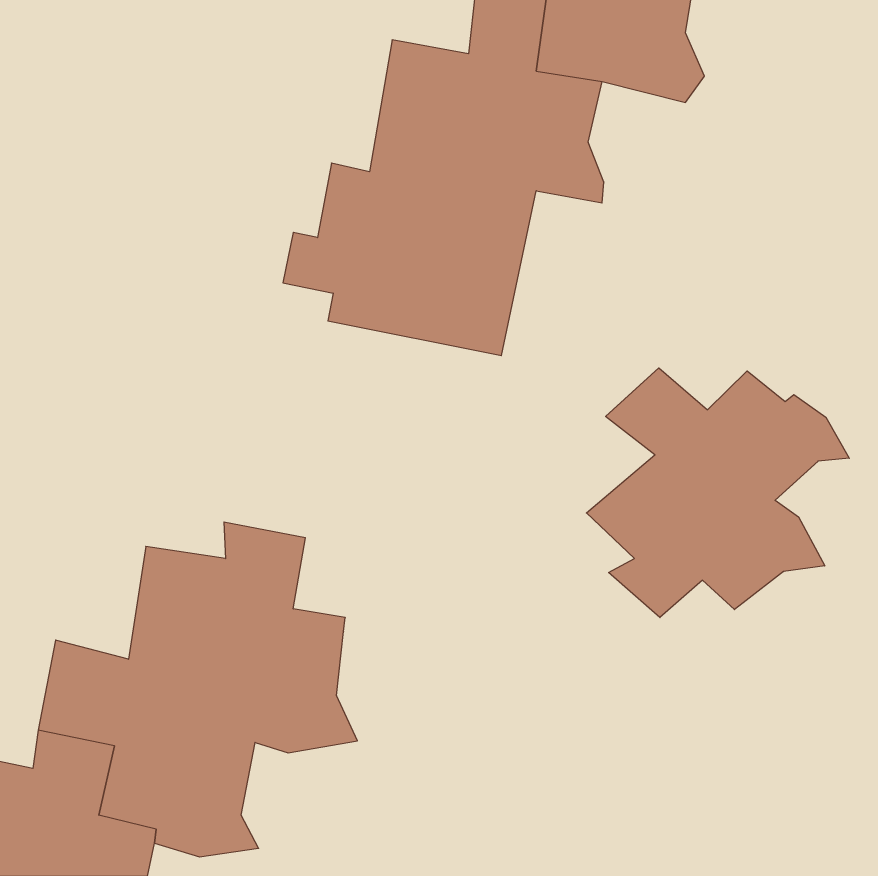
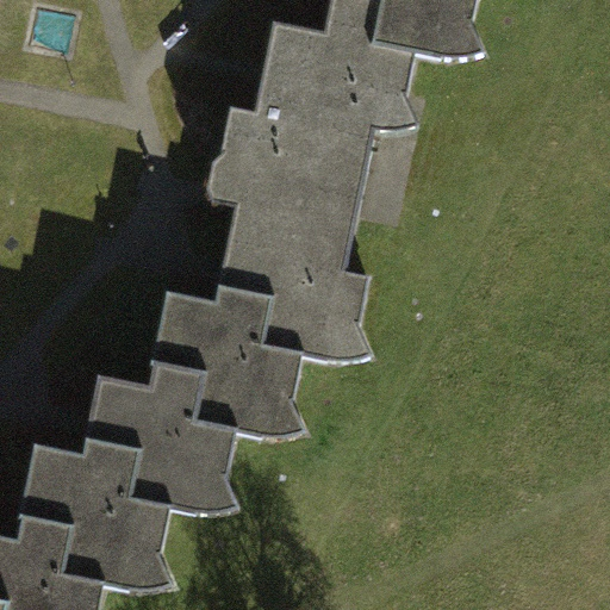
building: none -> [154,220,366,438]
building: [586,368,849,618] -> none

